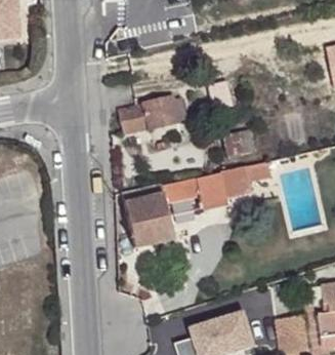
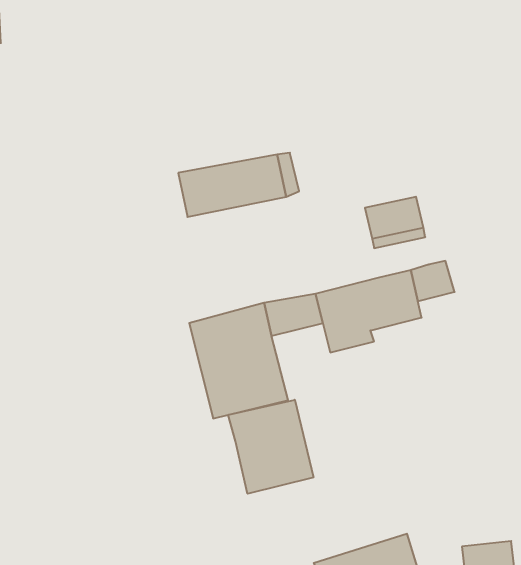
building: none -> [228,400,313,494]

